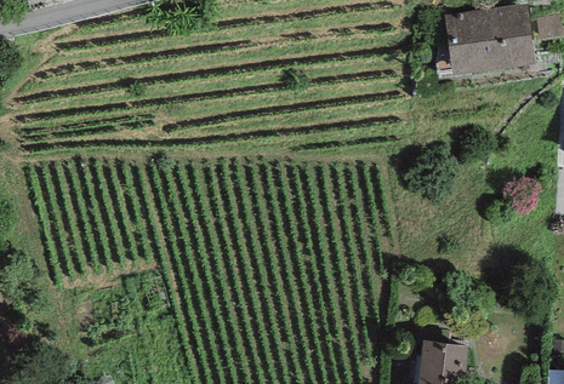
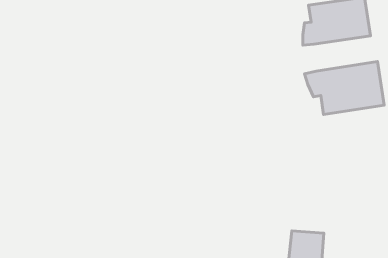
building: none -> [305,62,384,114]

